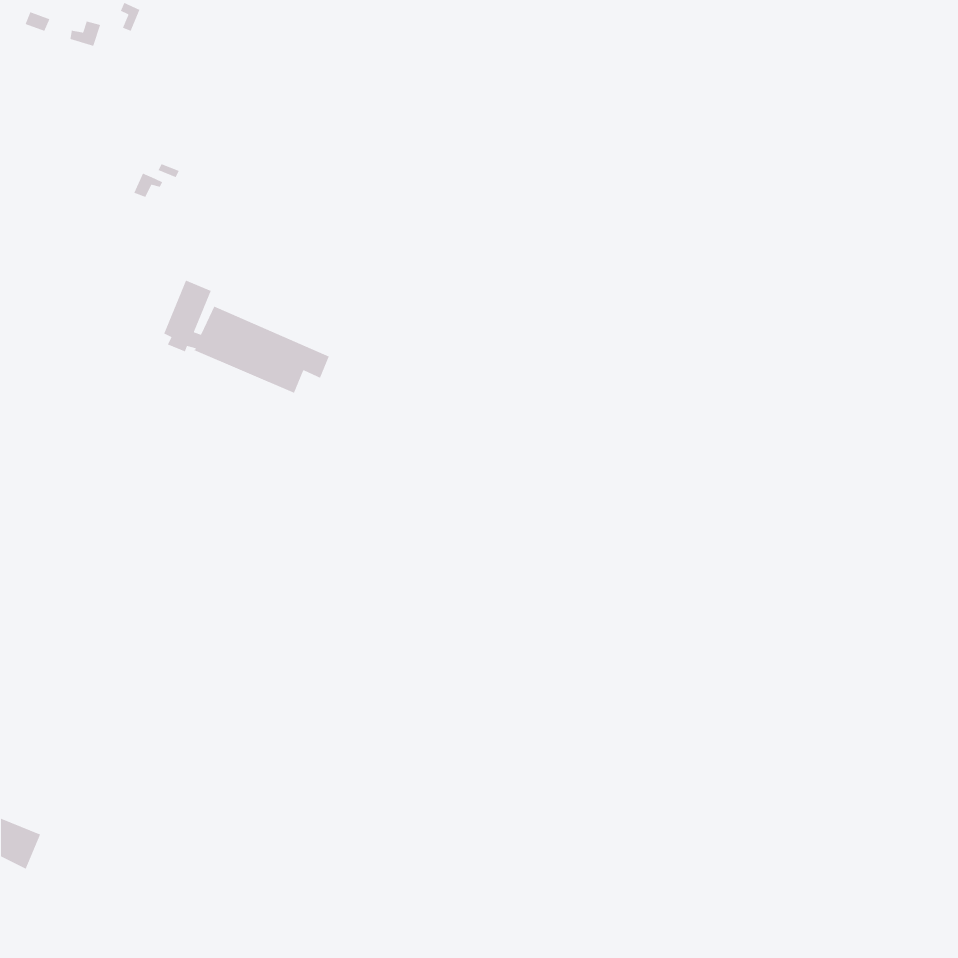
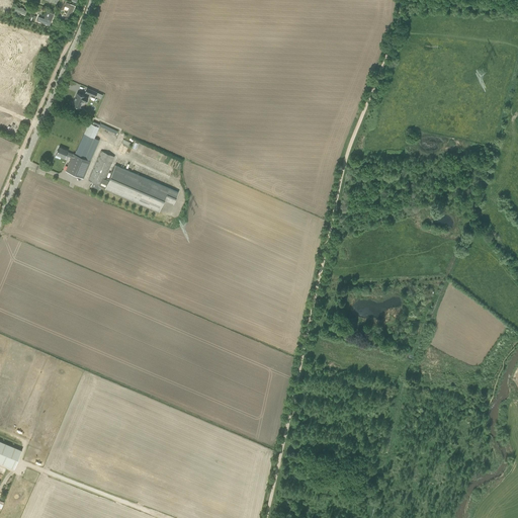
building: none -> [56,134,99,178]

